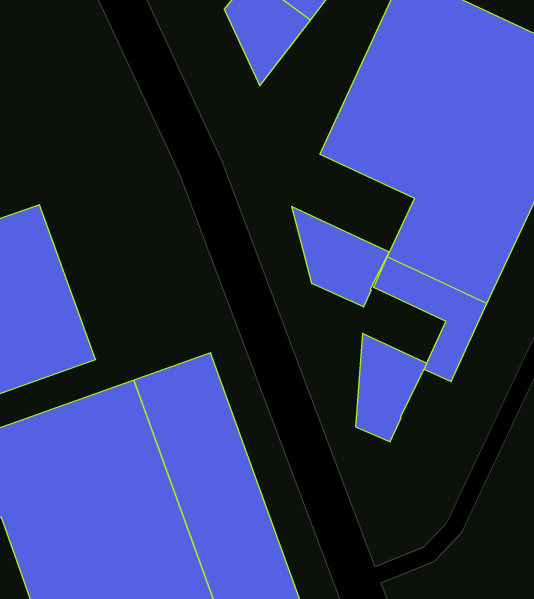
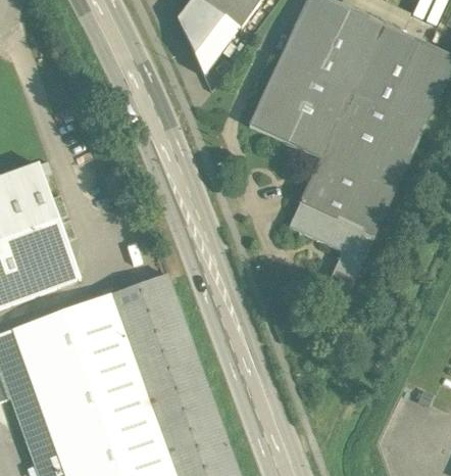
building: [292,206,389,307] -> none
building: [356,333,427,442] -> none

